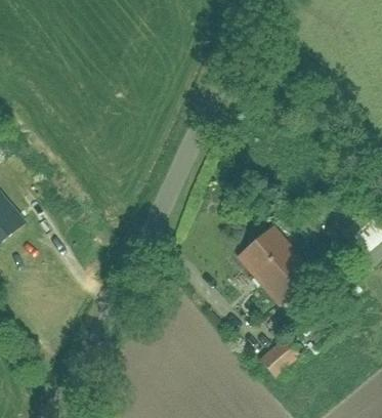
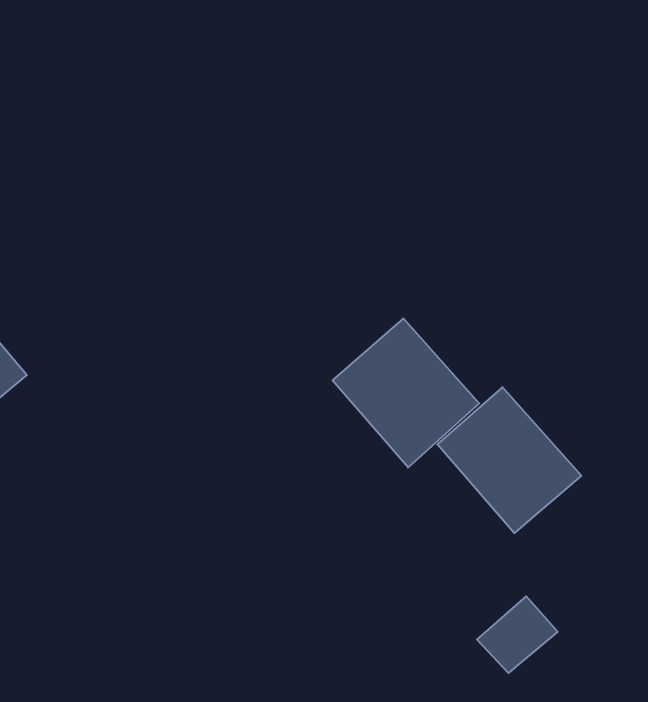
building: none -> [333,318,479,468]

